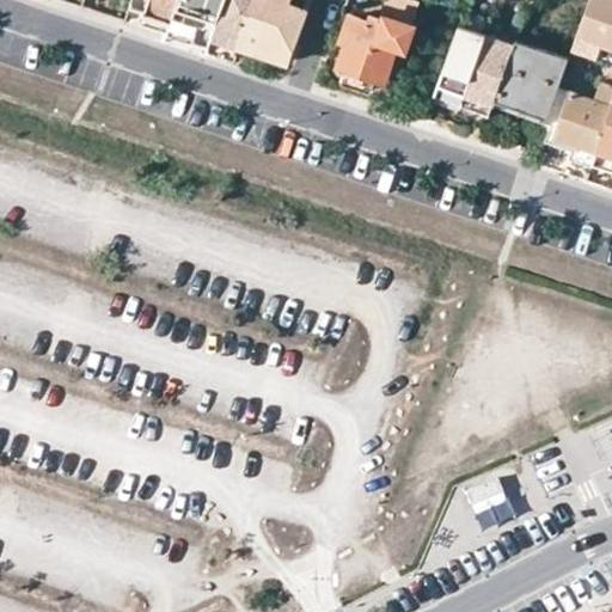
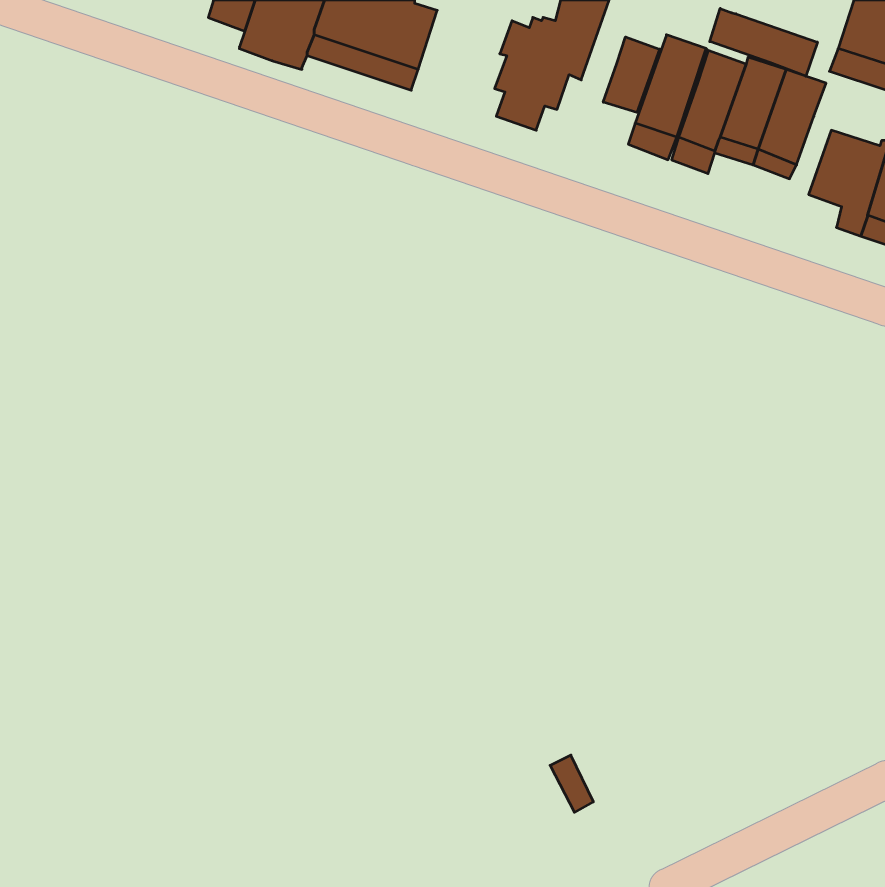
building: none -> [710,8,817,76]
building: none -> [603,37,660,112]

